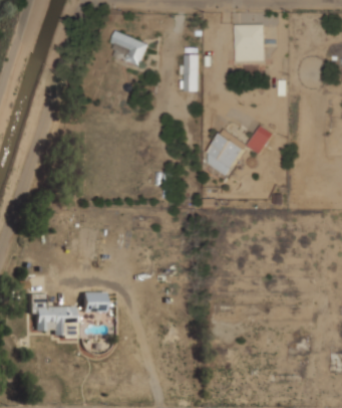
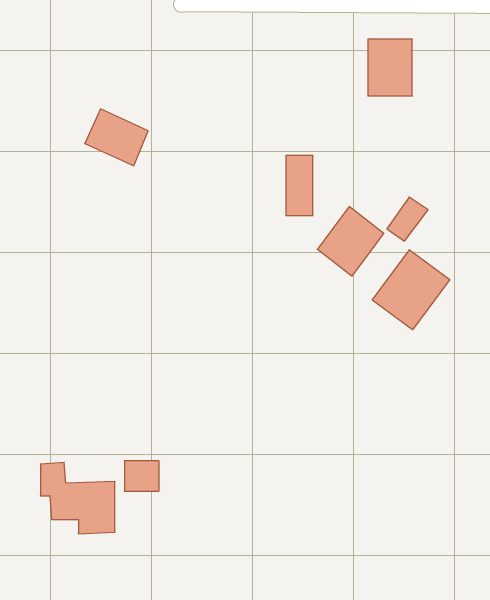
building: [108,31,148,67] -> [85,109,148,166]
building: [182,54,199,92] -> [286,156,313,216]
building: none -> [372,250,450,330]

